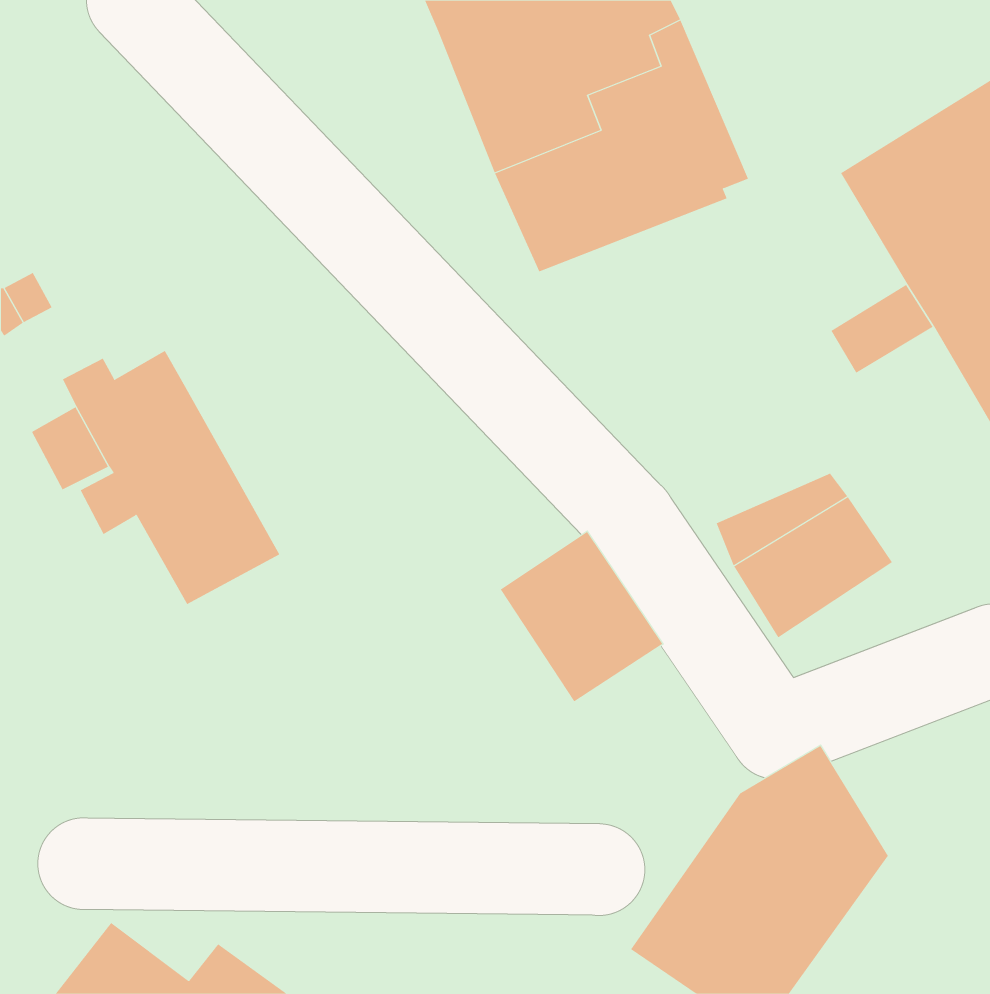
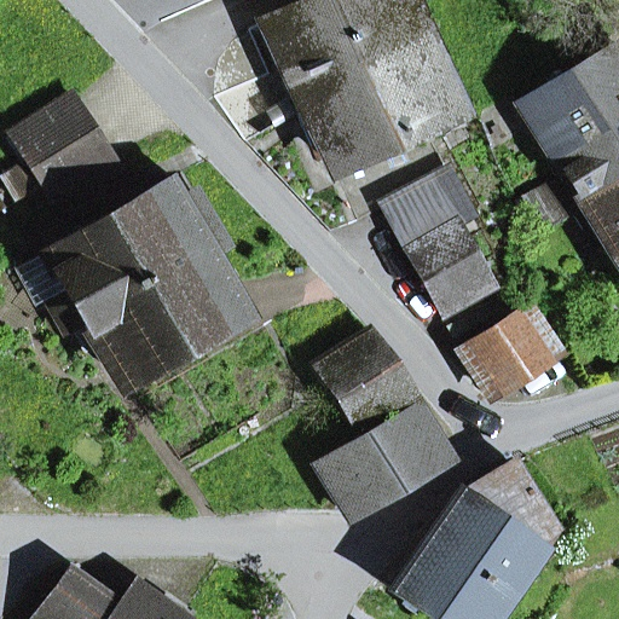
building: none -> [10,97,116,203]
building: none -> [388,173,494,314]
building: none -> [105,185,233,345]
building: none -> [319,406,447,516]

